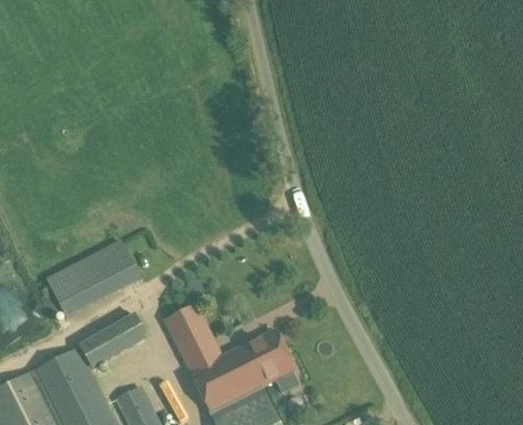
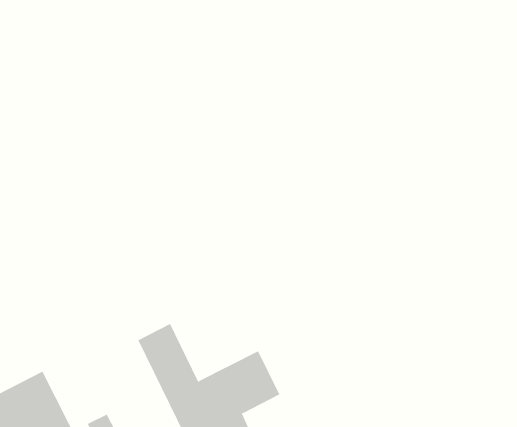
building: [43,240,140,318] -> none
building: [77,313,146,369] -> none

